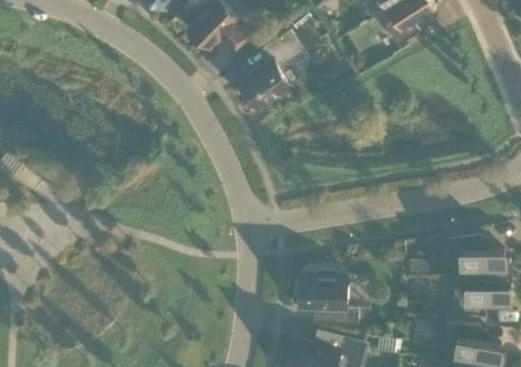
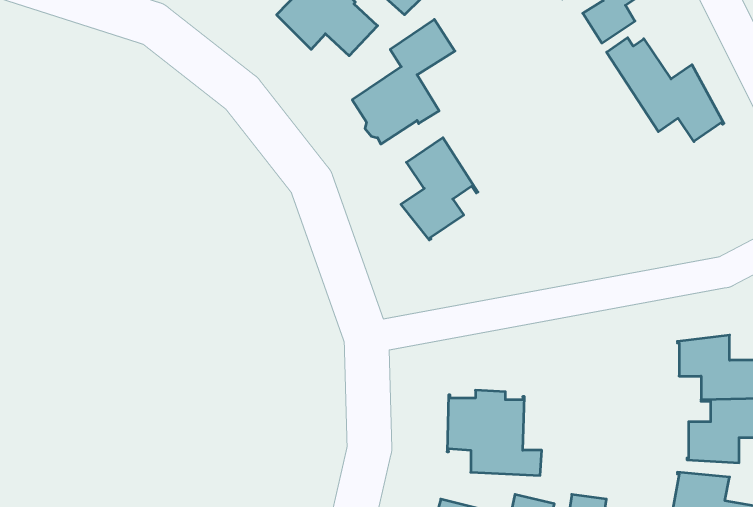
building: none -> [607,38,724,142]
building: none -> [401,138,478,240]

